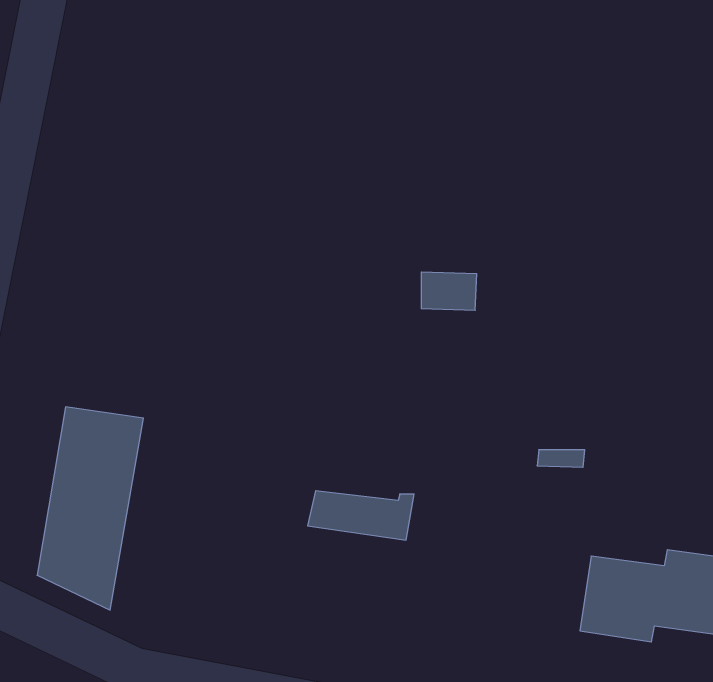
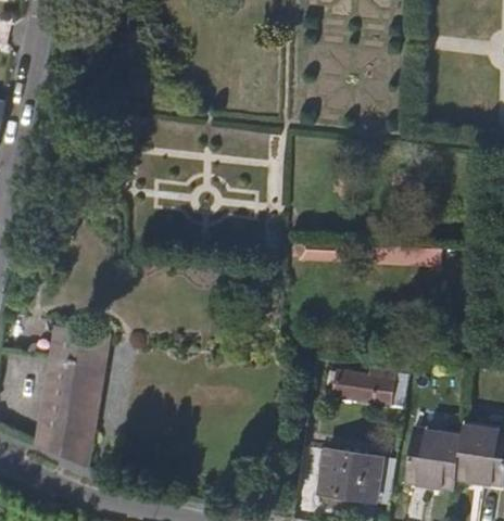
building: [308,491,414,540] -> [335,373,407,407]
building: none -> [317,450,379,501]

